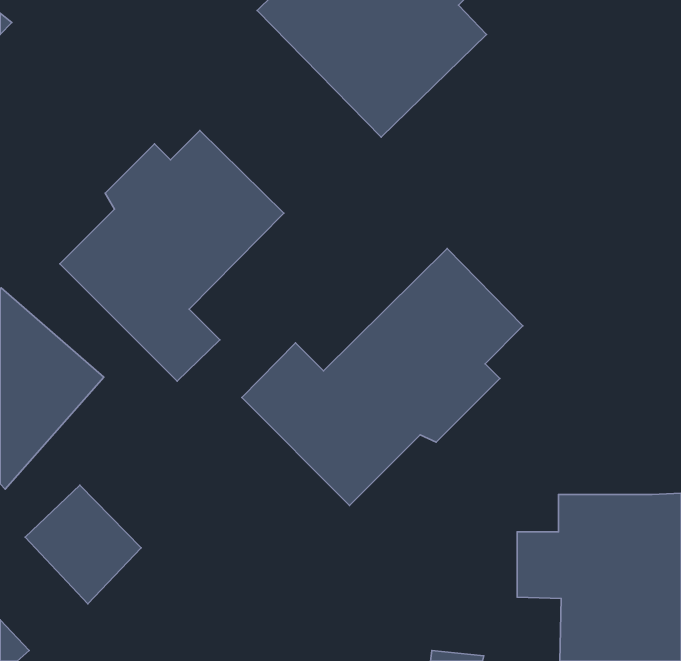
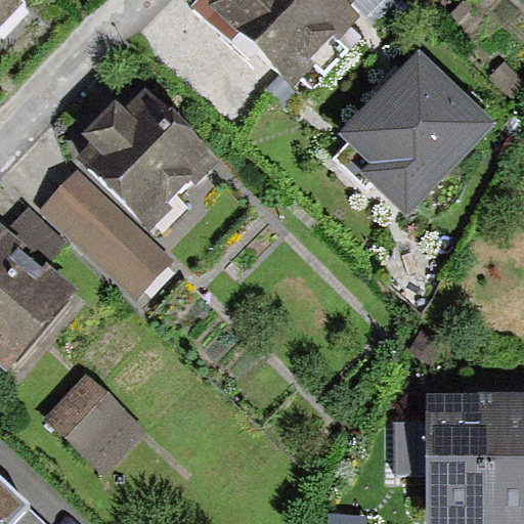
building: none -> [336,54,493,213]
building: [242,249,523,505] -> none

